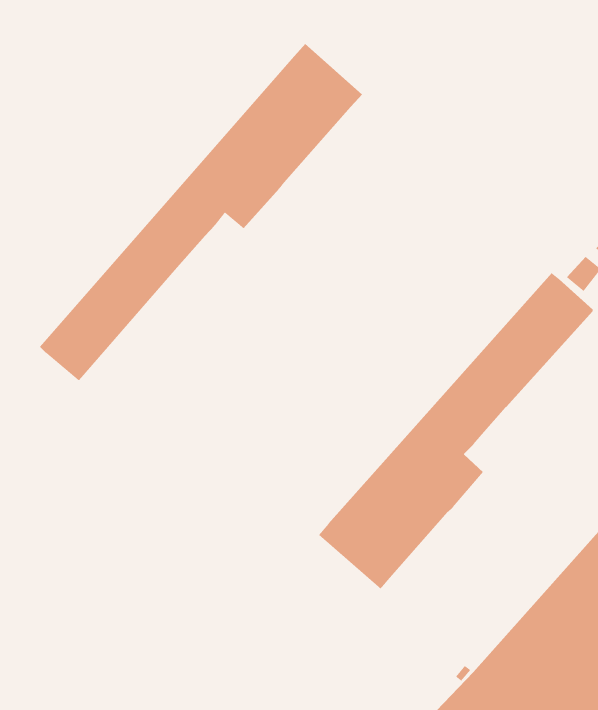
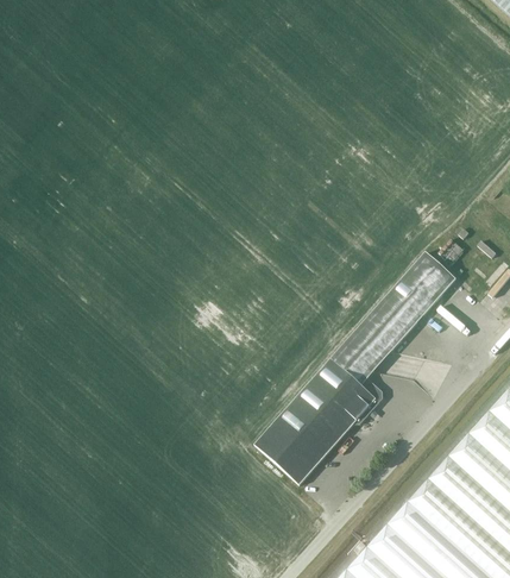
building: [39,43,363,381] -> none

